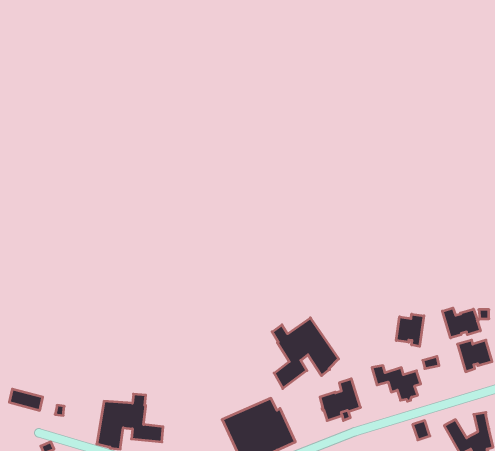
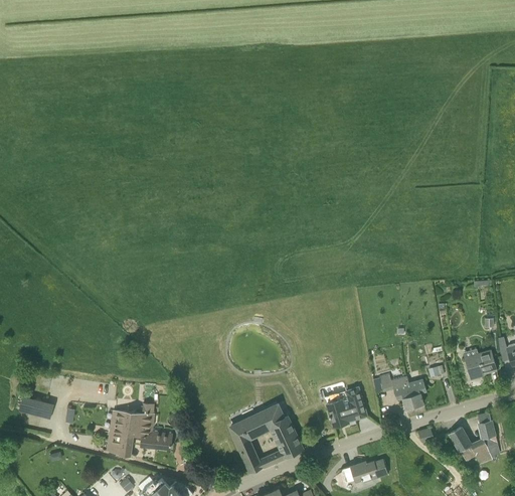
building: [442,308,480,338] -> none
building: [396,314,424,346] -> none
building: [272,318,339,389] -> none

